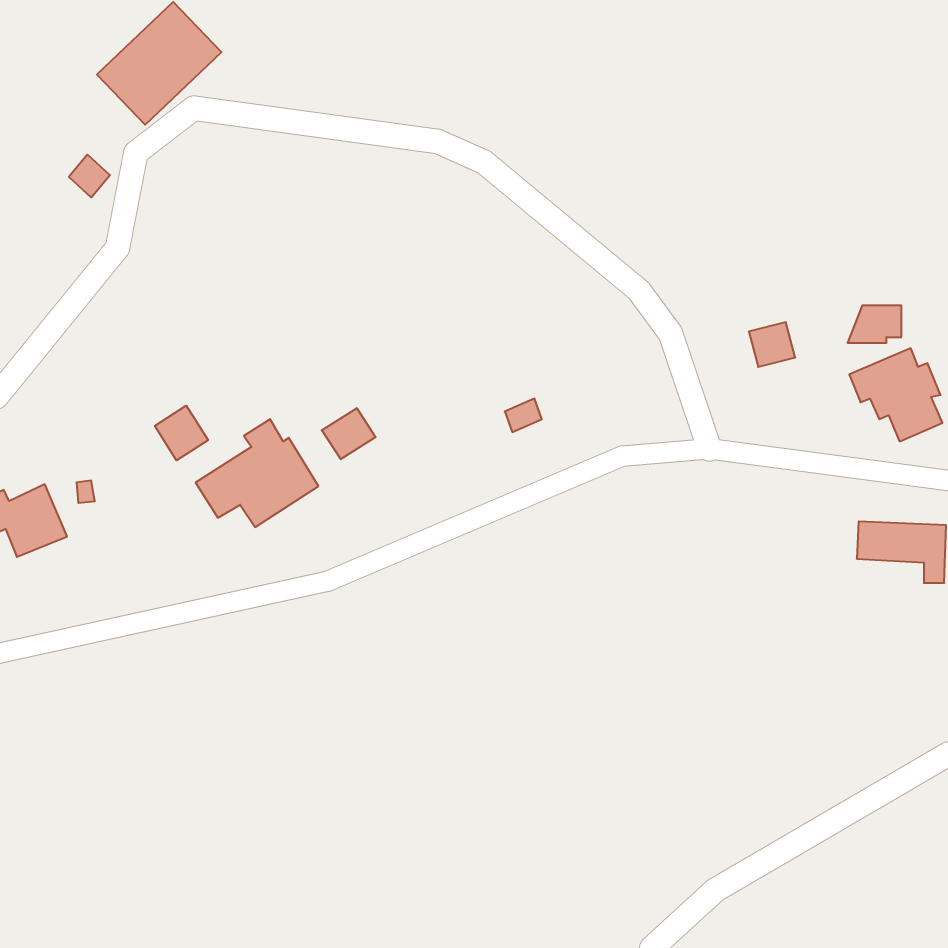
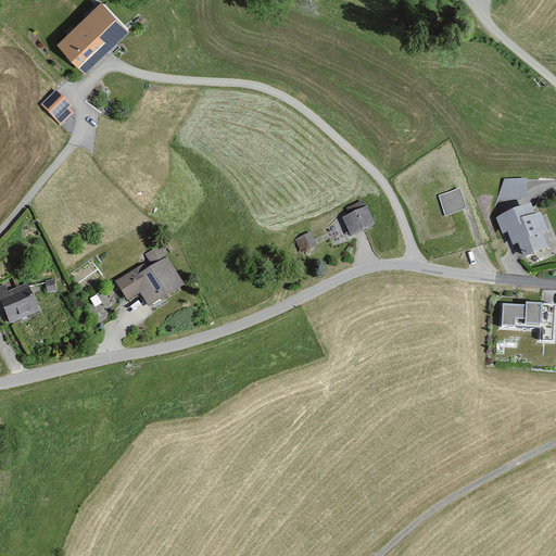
building: none -> [342,201,377,236]
building: [155,406,208,460] -> none
building: [322,408,376,459] -> none

